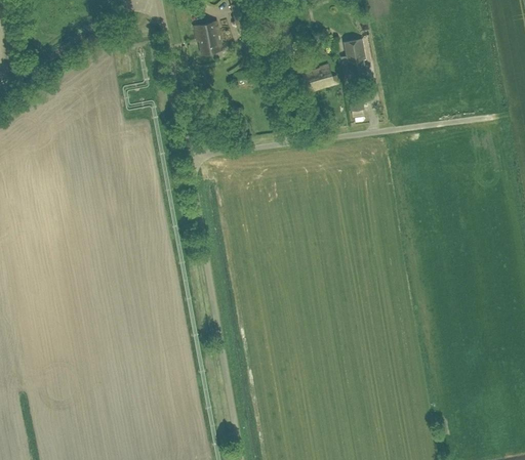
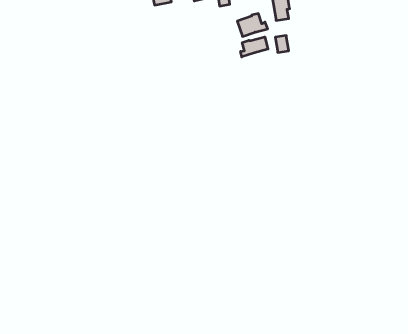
building: none -> [241,37,268,57]

